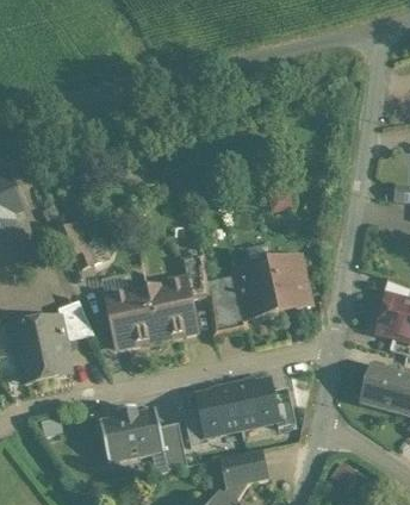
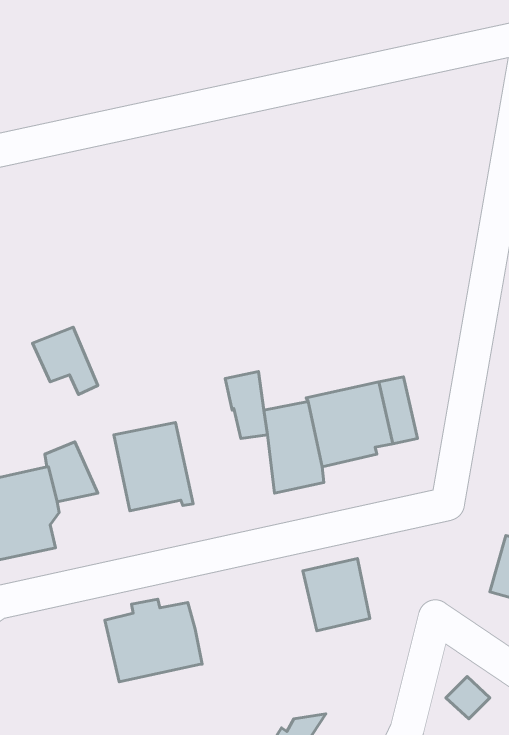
building: [147,278,198,342] -> none
building: [197,387,242,435] -> none
building: [160,422,187,469] -> none
building: [219,449,268,487] -> none

